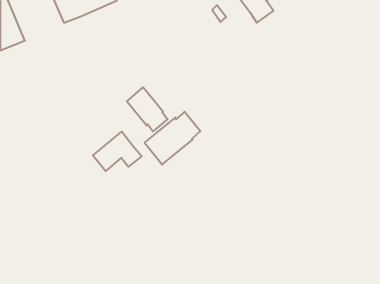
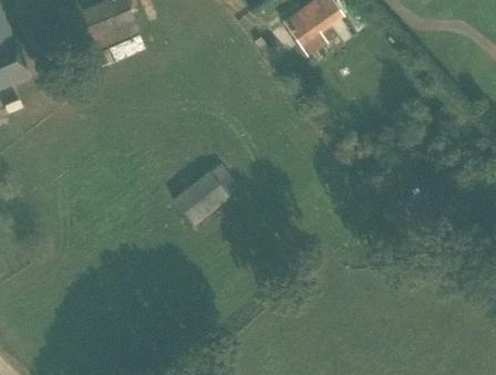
building: [127,87,168,131] -> none
building: [93,132,142,171] -> none

